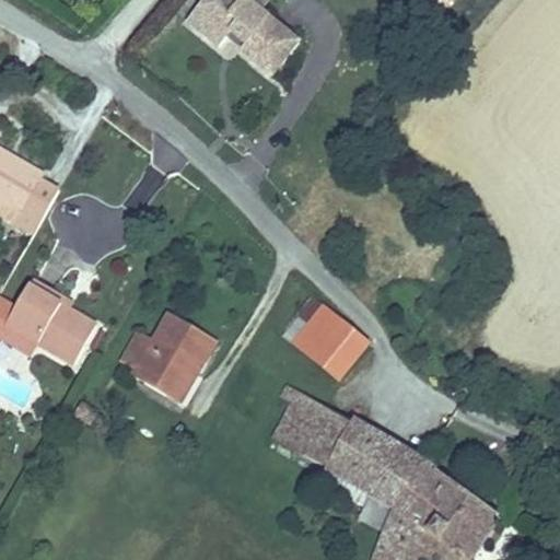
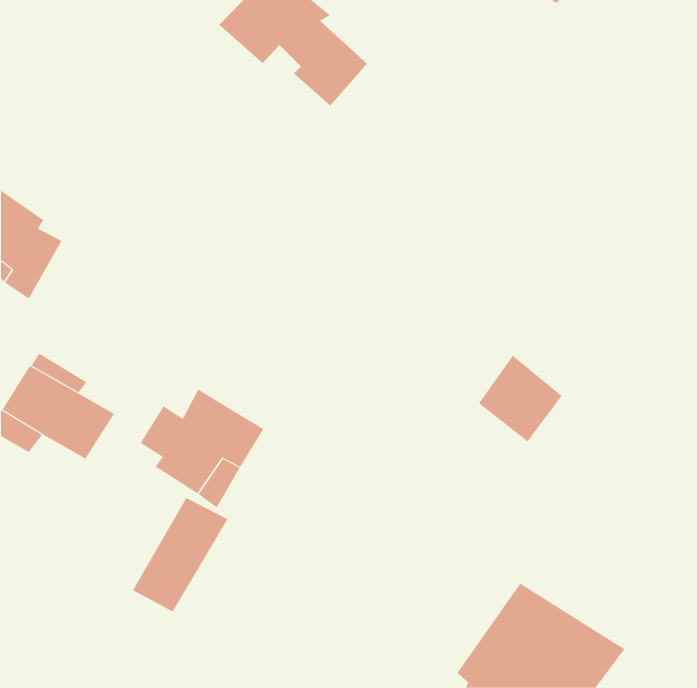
building: [296,310,363,378] -> [478,355,562,442]
building: [268,378,419,532] -> none
building: none -> [132,497,228,612]

